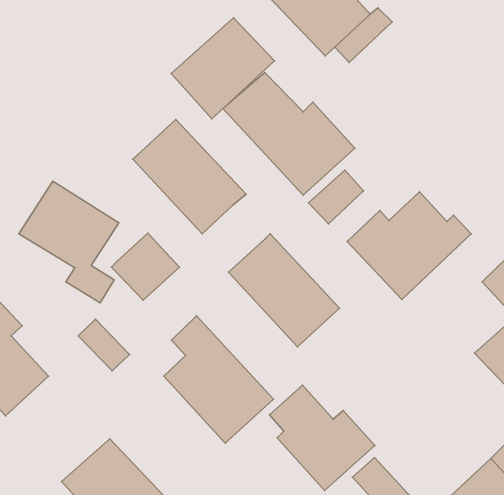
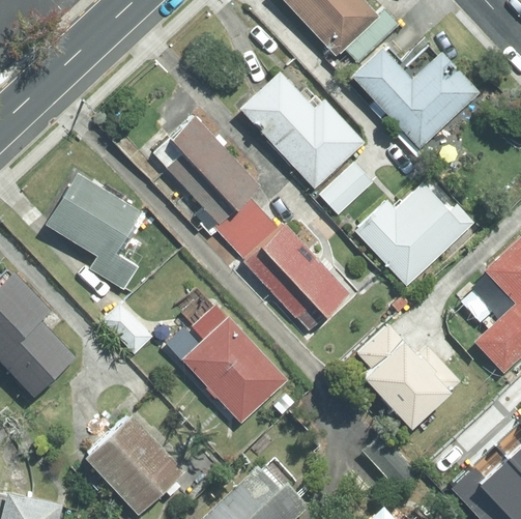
building: [171,18,275,119] -> none
building: none -> [352,48,479,147]
building: [111,233,180,300] -> [214,197,279,260]
building: [269,385,375,490] -> [358,326,458,426]

